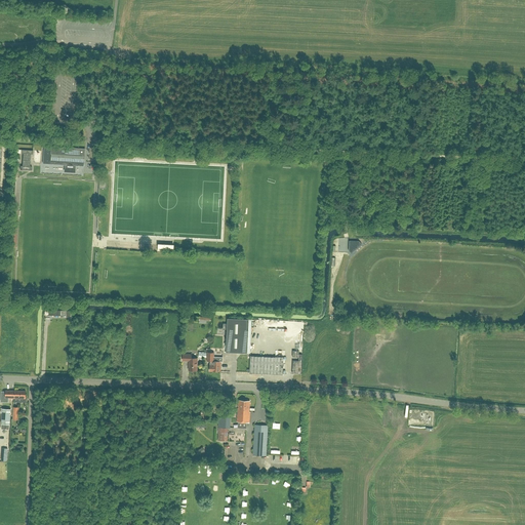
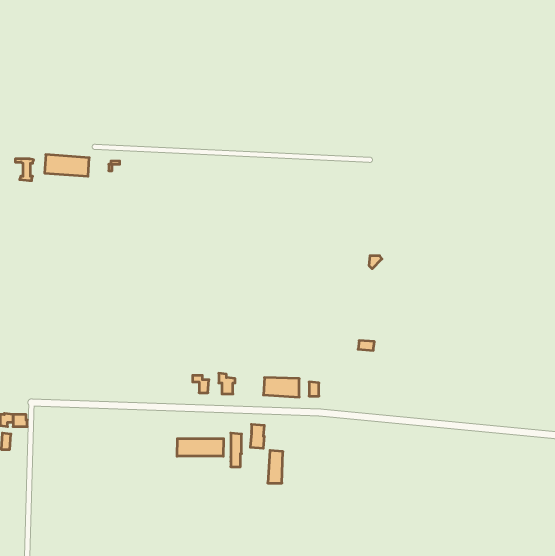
building: [225,318,248,353] -> none
building: none -> [177,439,224,456]

